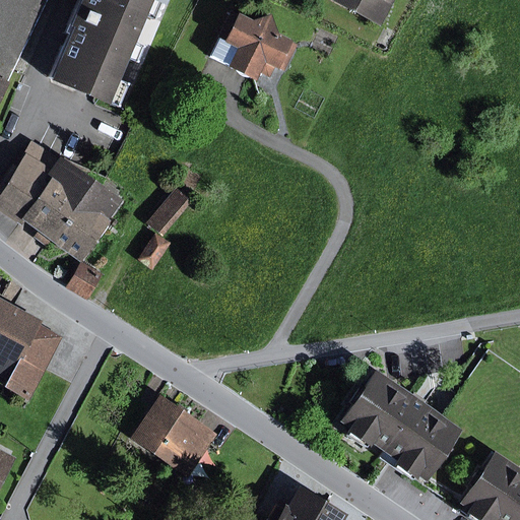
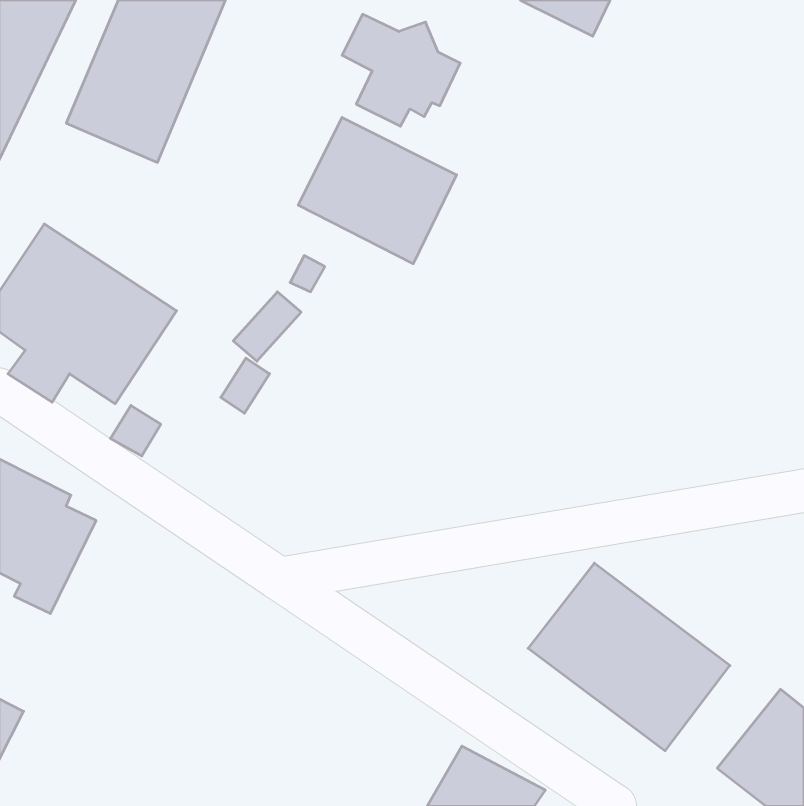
building: none -> [298,117,457,264]
building: [127,398,212,477] -> none

